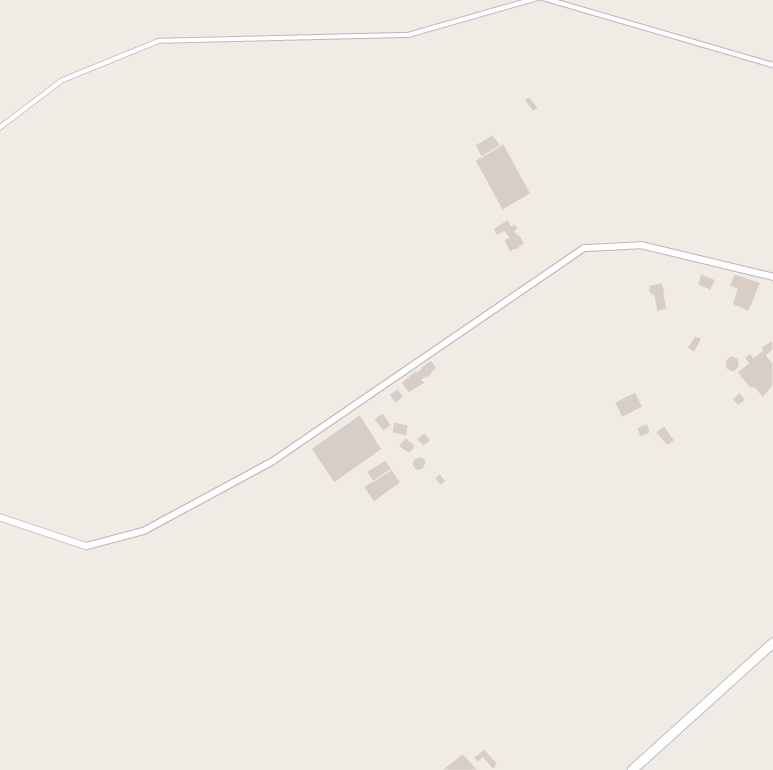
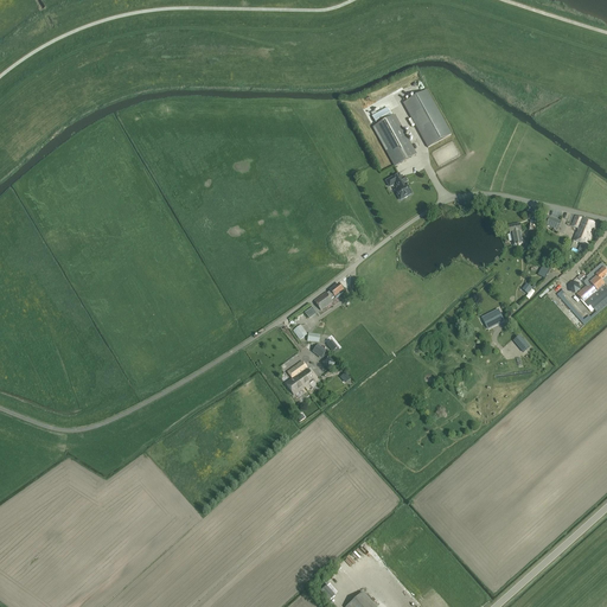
building: none -> [403,88,451,146]
building: [311,415,383,483] -> none

